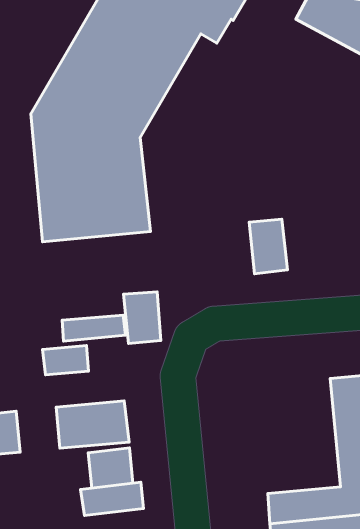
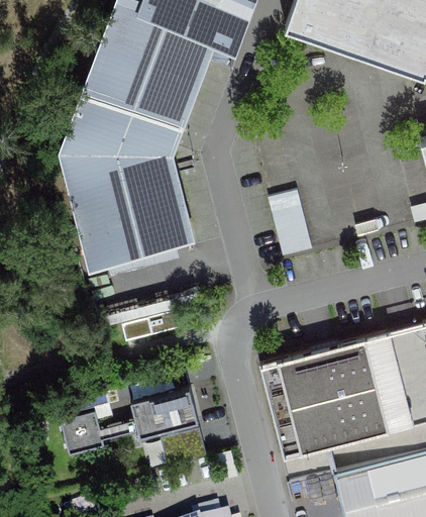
building: [124,292,161,344] -> none
building: [42,346,89,375] -> none
building: none -> [260,337,391,457]
building: [81,482,144,515] -> none

